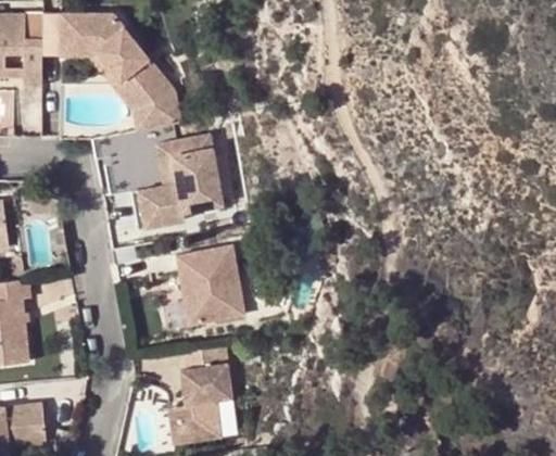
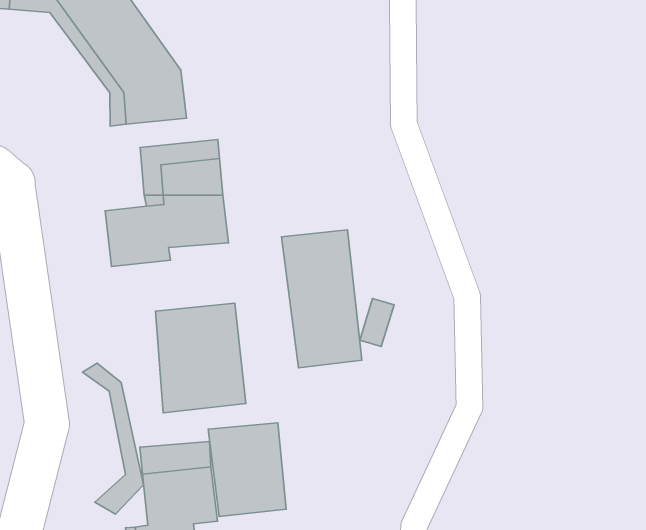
building: none -> [282,230,362,368]
building: none -> [82,363,144,514]
building: none -> [208,423,286,516]

